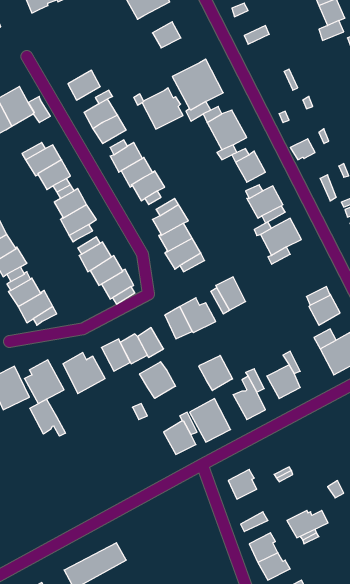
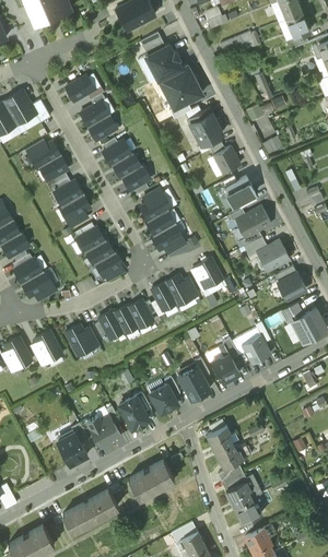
building: [142,88,183,129] -> [145,45,181,81]
building: none -> [255,239,290,272]
building: [199,355,233,391] -> none
building: [140,362,176,398] -> none
building: [30,399,65,436] -> none
building: none -> [114,394,149,431]
building: none -> [89,415,122,450]
building: none -> [55,429,89,465]
building: none -> [128,461,173,498]
building: [287,510,328,538] -> [214,443,250,467]

